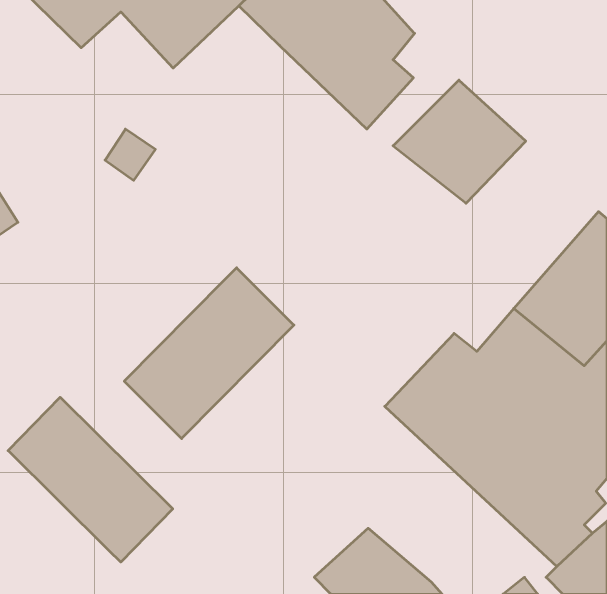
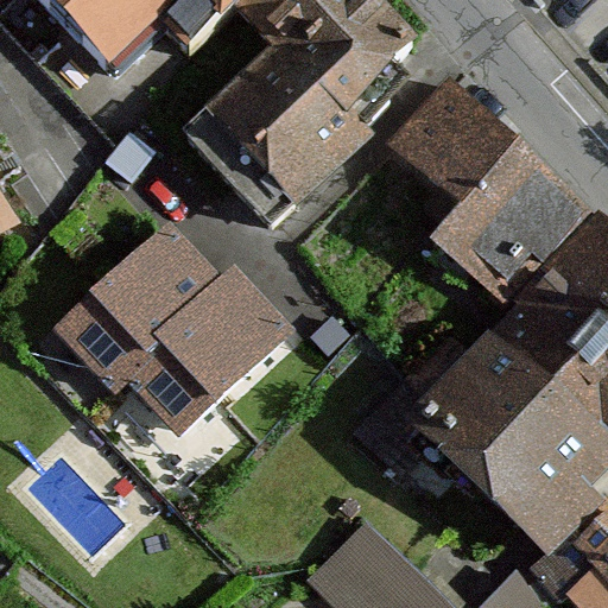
building: none -> [185,45,376,222]
building: none -> [431,140,595,306]
building: none -> [59,226,223,390]
building: [8,397,173,562] -> none

